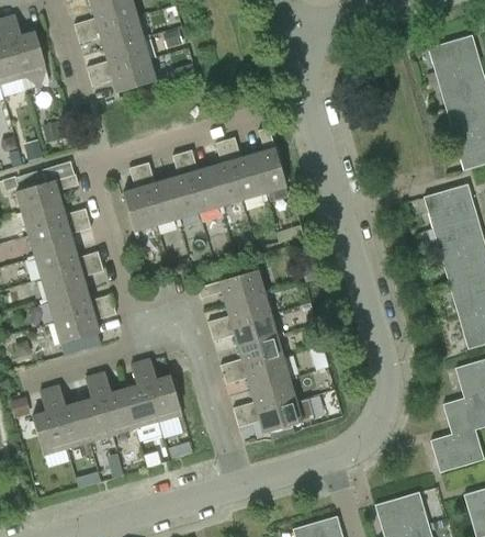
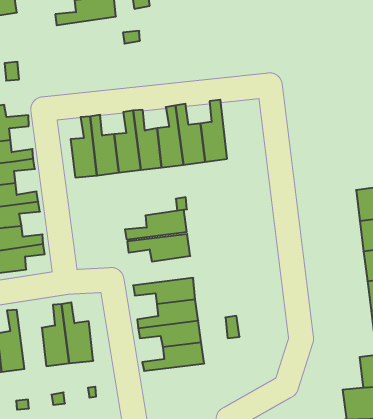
building: [90,59,157,94] -> none
building: [207,292,271,332] -> [125,210,187,239]
building: [95,372,135,435] -> none
building: [236,400,303,434] -> none

